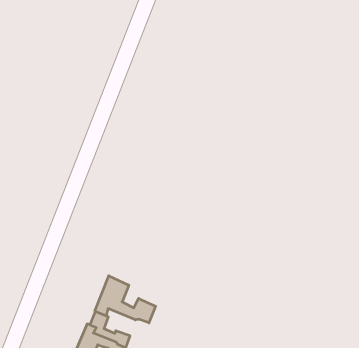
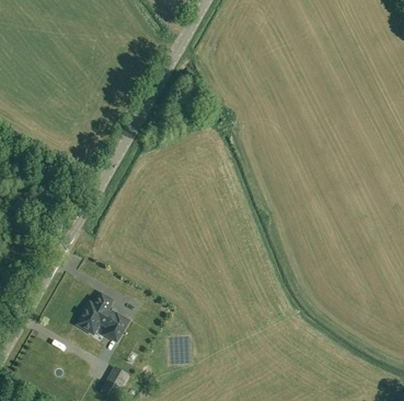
building: [95,276,156,323] -> none

